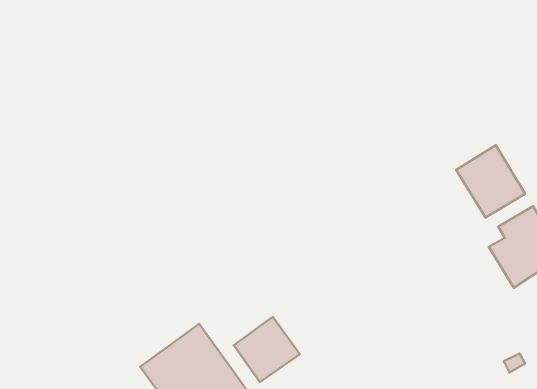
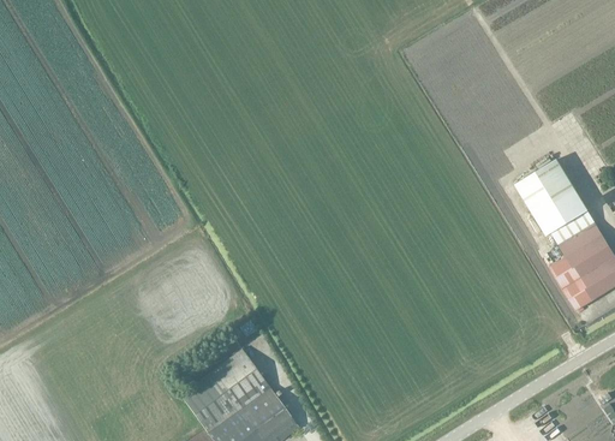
building: [234,317,300,382] -> none

